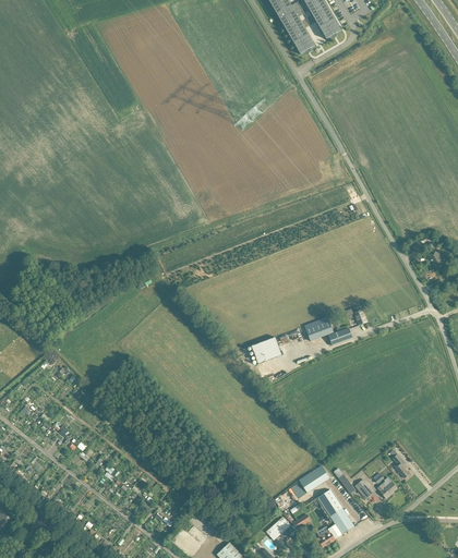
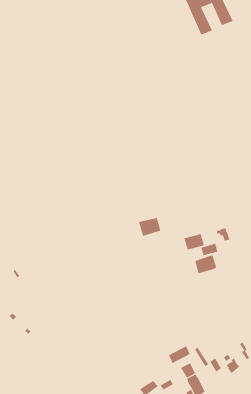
building: [251,337,282,364] -> [138,217,161,236]
building: none -> [195,255,217,274]

